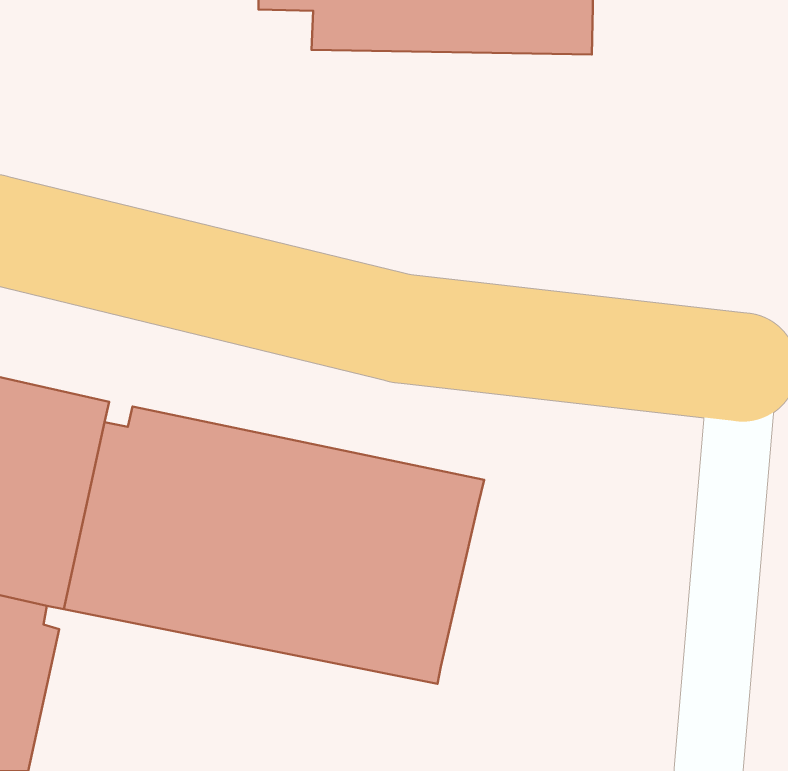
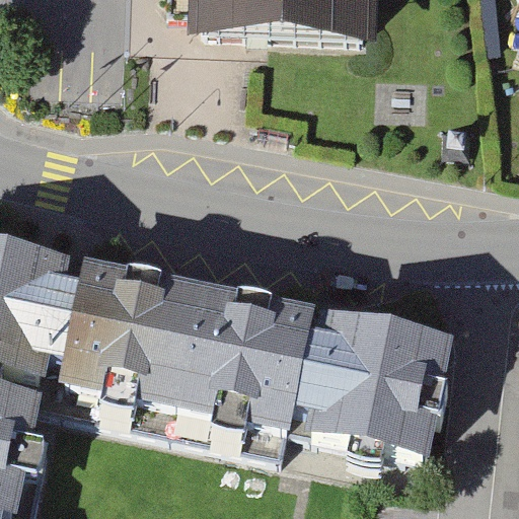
building: none -> [287,315,453,461]

